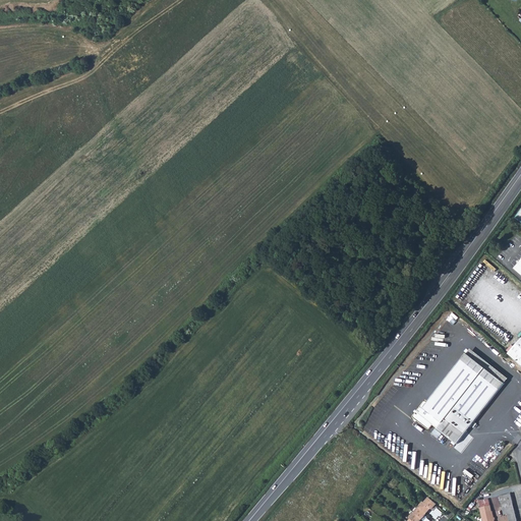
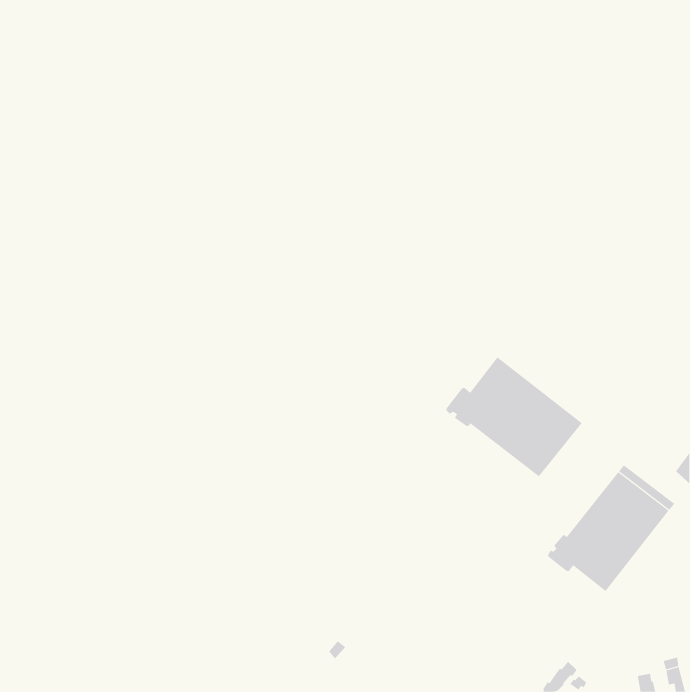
building: none -> [446,356,582,477]

